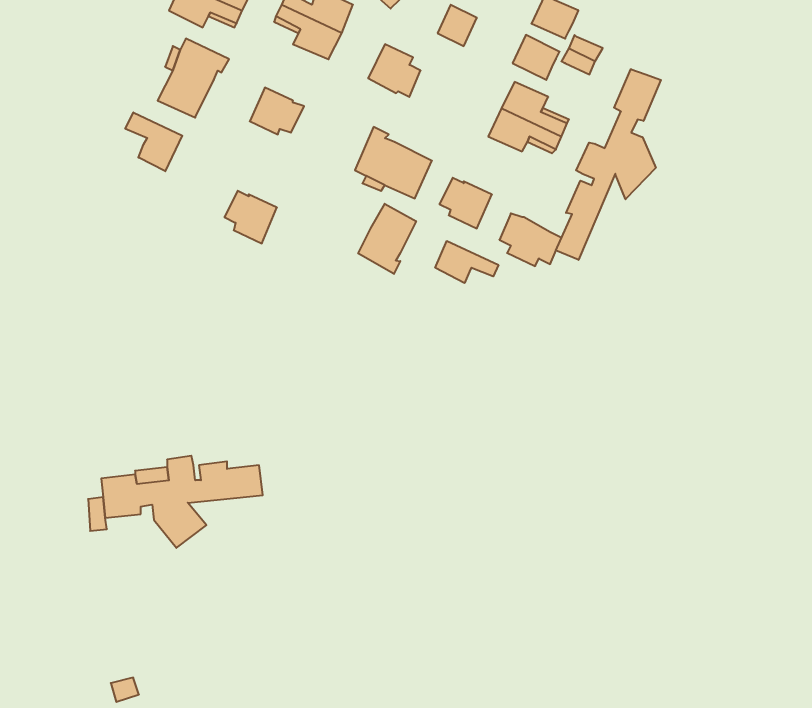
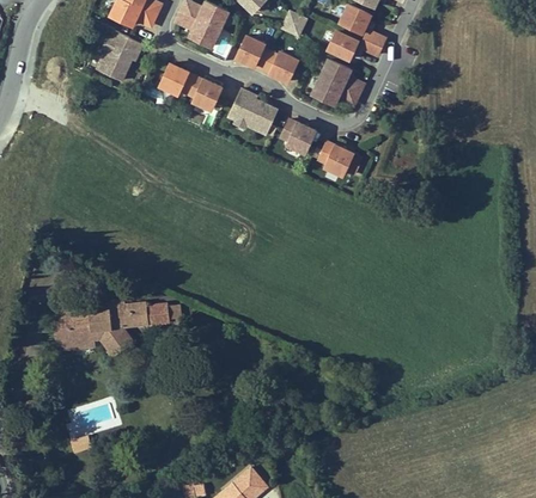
building: none -> [262,51,297,81]
building: [556,69,661,260] -> none
building: [125,112,182,171] -> none
building: [224,191,277,243] -> [187,75,220,109]
building: [358,204,416,274] -> none
building: [435,241,498,283] -> none

